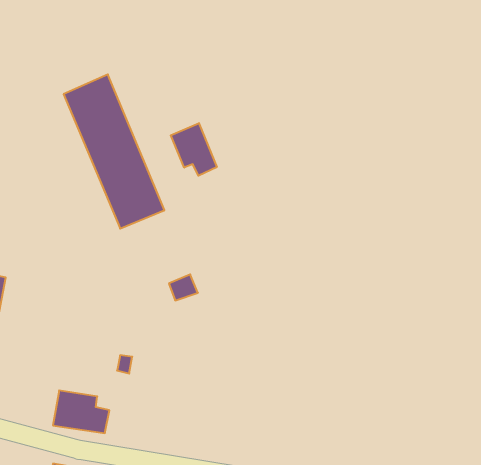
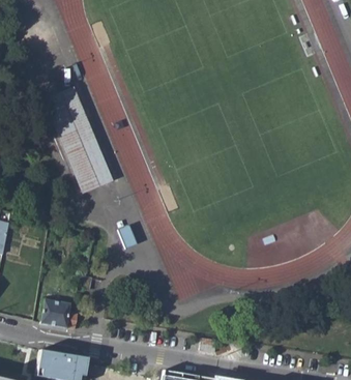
building: [171,123,217,176] -> none

